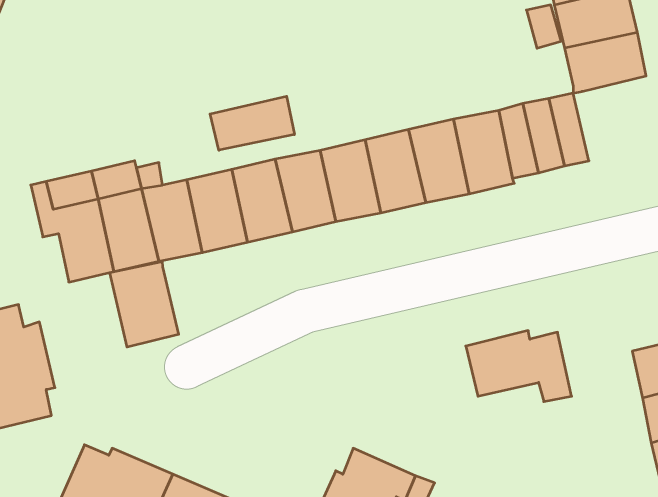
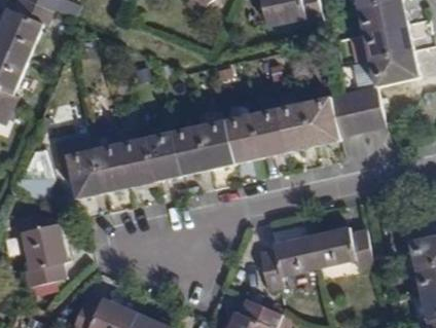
building: [210,96,294,150] -> none
building: [110,261,179,347] -> none
building: none -> [258,236,319,291]

